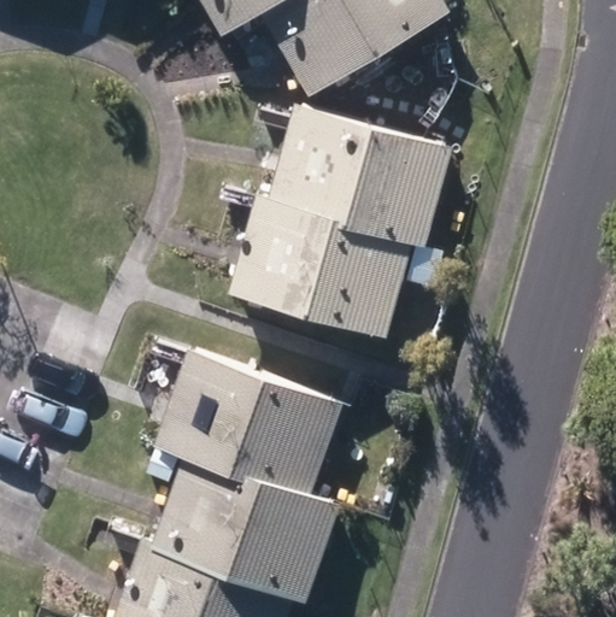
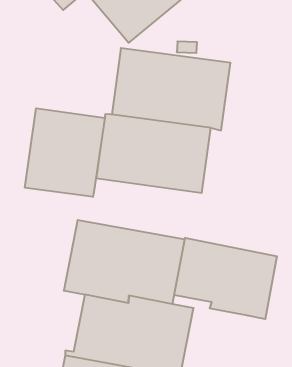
building: none -> [25,108,105,197]
building: none -> [174,238,277,319]

